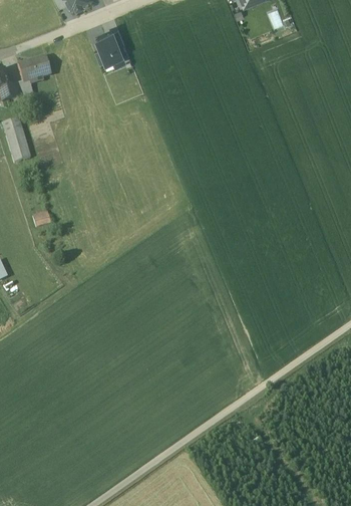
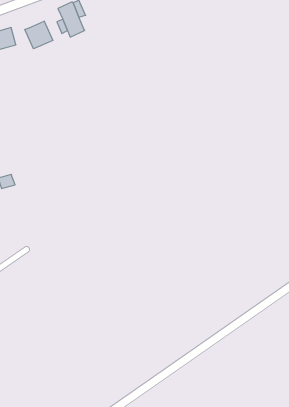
building: none -> [25,21,53,49]

